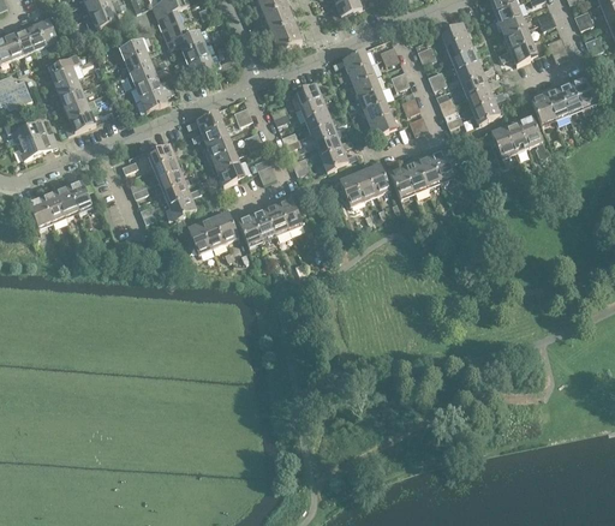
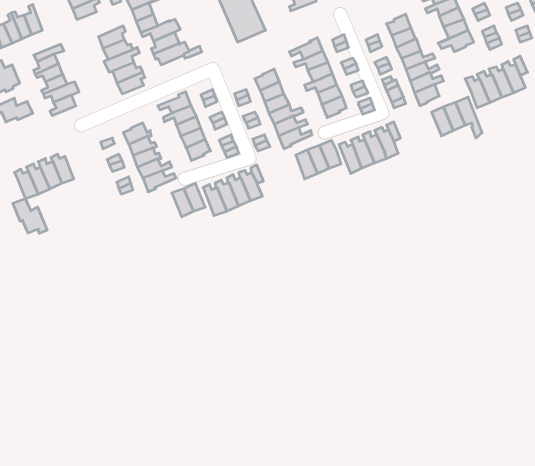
building: [16,132,52,159] -> none
building: [183,221,211,253] -> none
building: none -> [13,198,47,233]

